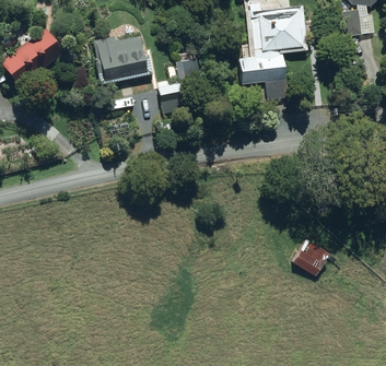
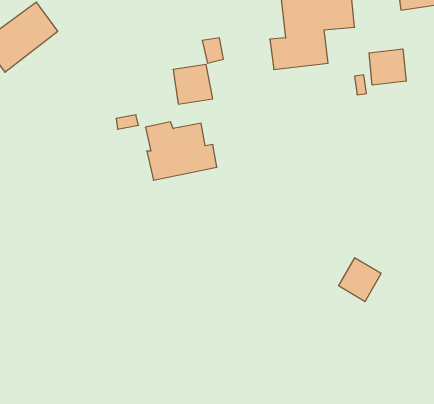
building: [94,36,153,84] -> [145,122,217,180]
building: none -> [369,49,406,85]

